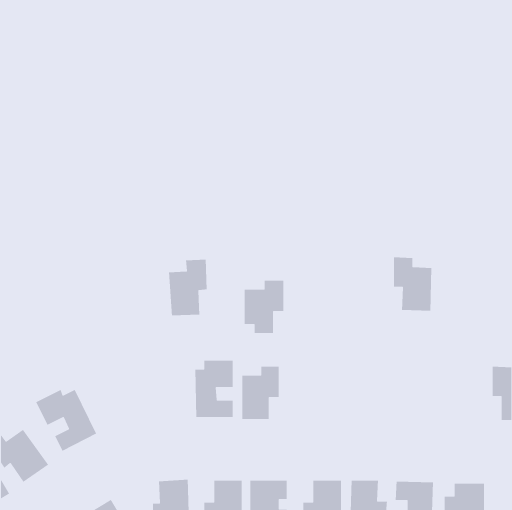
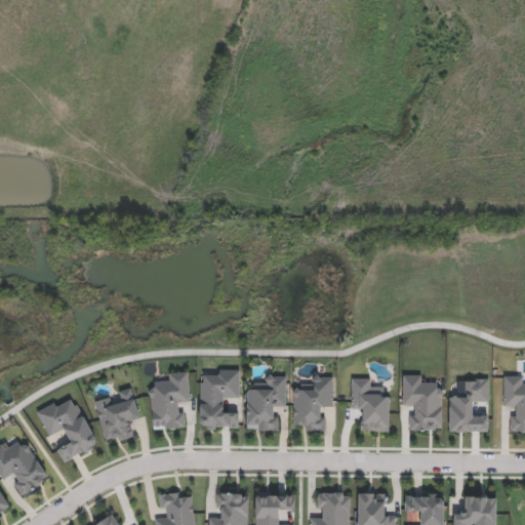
building: [393,256,432,312] -> [403,375,443,432]
building: [168,259,207,316] -> [150,372,190,431]
building: [244,280,284,334] -> [292,376,333,432]
building: none -> [351,379,390,433]
building: none -> [449,379,489,433]
building: none -> [94,391,143,445]

